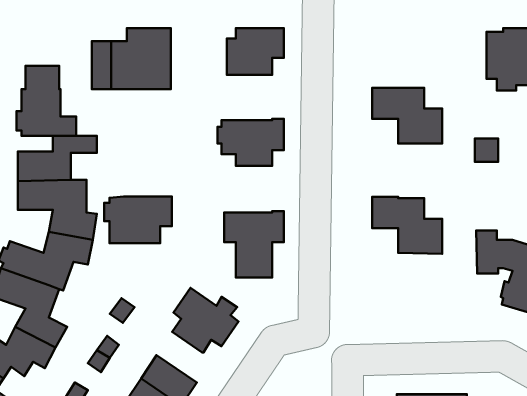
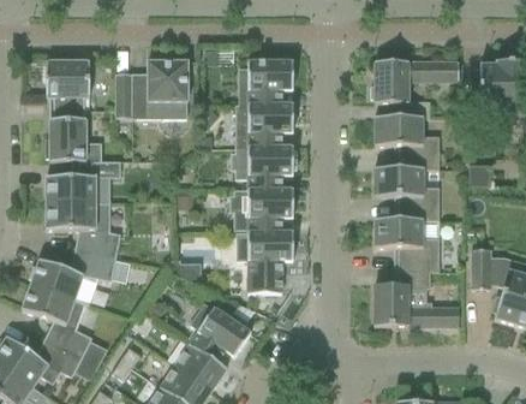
building: none -> [47,57,90,97]
building: none -> [371,61,459,118]
building: none -> [237,103,293,147]
building: none -> [375,167,440,220]
building: [104,196,172,243] -> [231,189,293,232]
building: none -> [375,269,459,326]
building: none -> [175,343,227,390]

